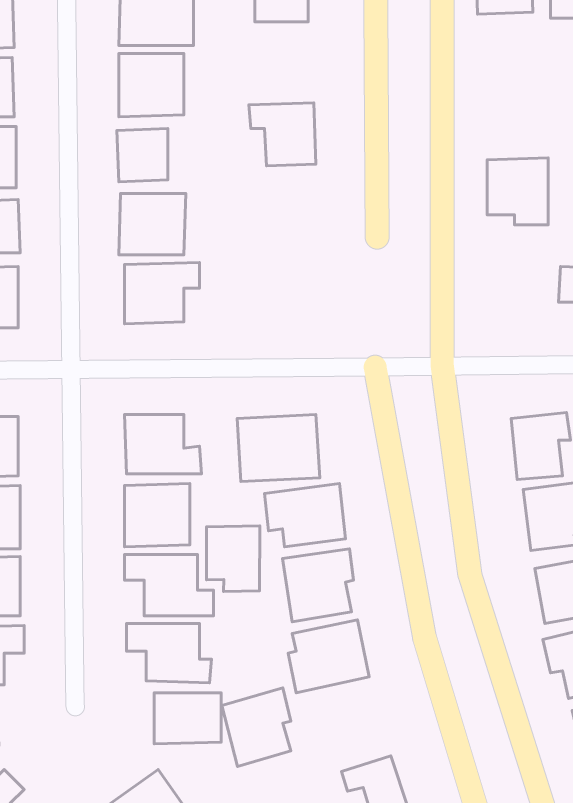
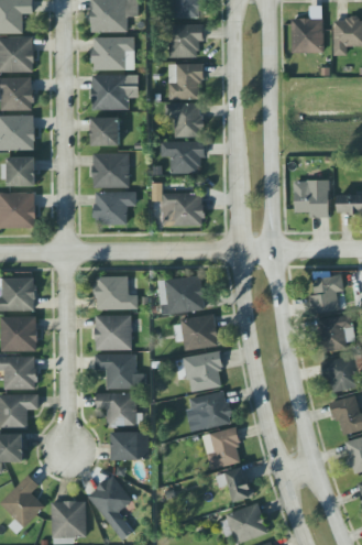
building: none -> [167,64,201,99]
building: [487,158,548,225] -> [294,179,328,217]
building: none -> [160,141,205,174]
building: none -> [162,193,204,226]
building: [207,526,260,591] -> none
building: [222,688,291,767] -> [201,426,240,470]

